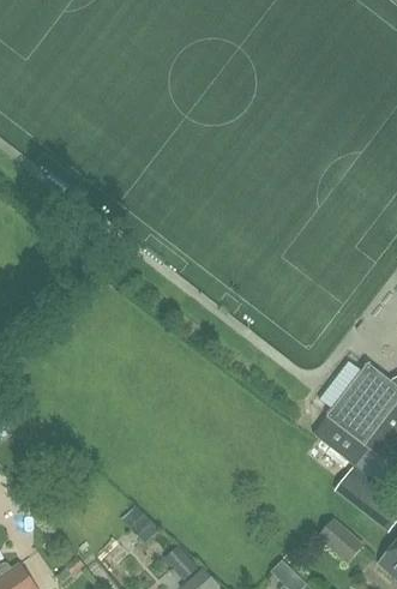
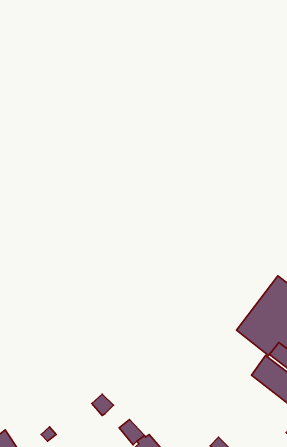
building: [317,517,363,563] -> none

